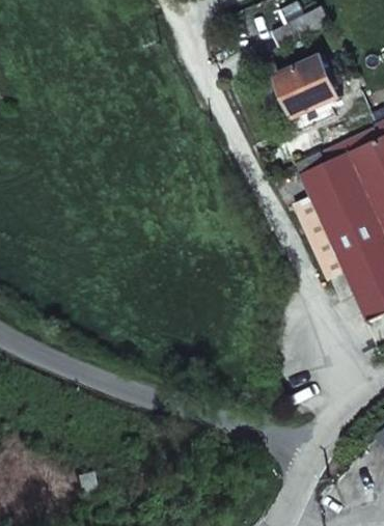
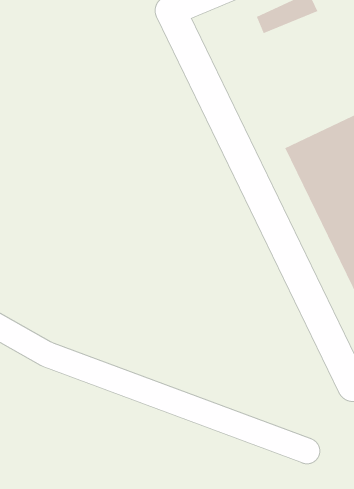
building: [271,56,338,121] -> none

